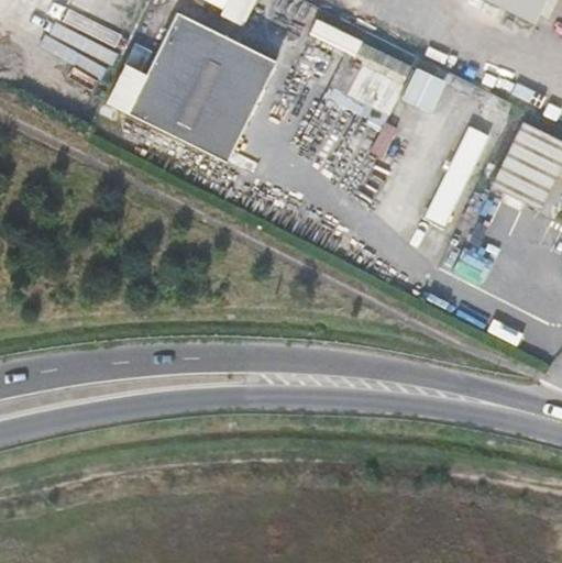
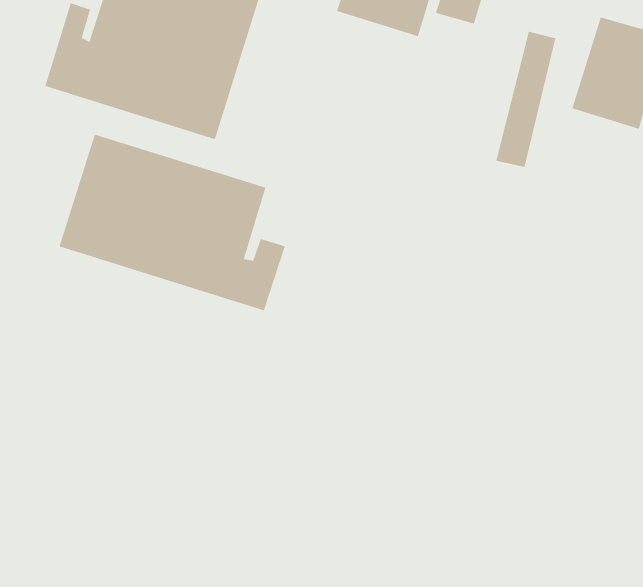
building: none -> [59,134,285,311]

